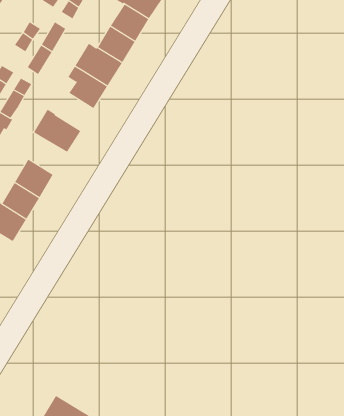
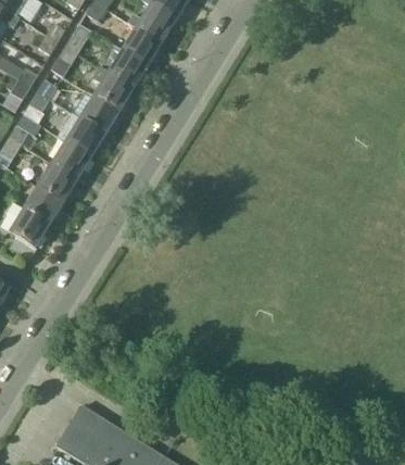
building: none -> [79,96,118,135]
building: none -> [51,141,91,179]

